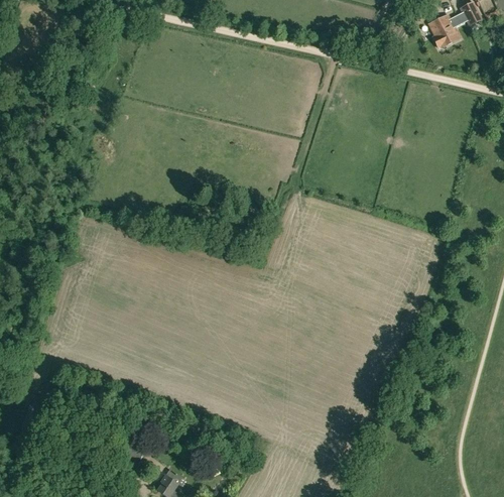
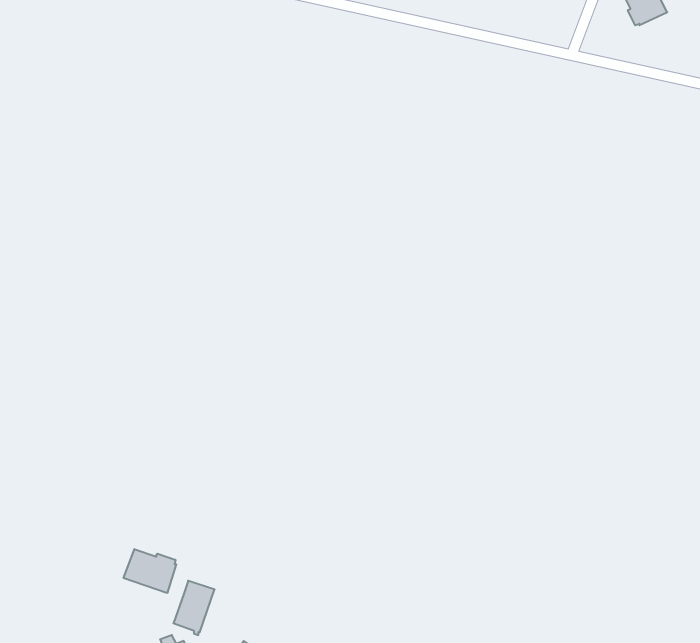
building: none -> [124,549,176,593]

